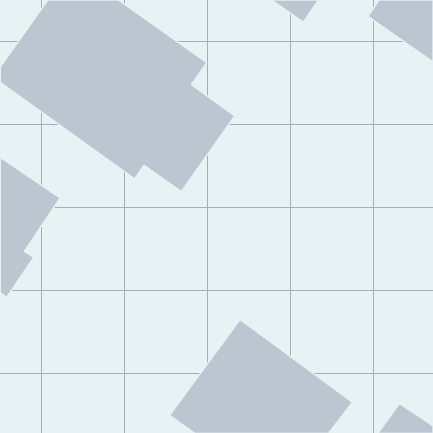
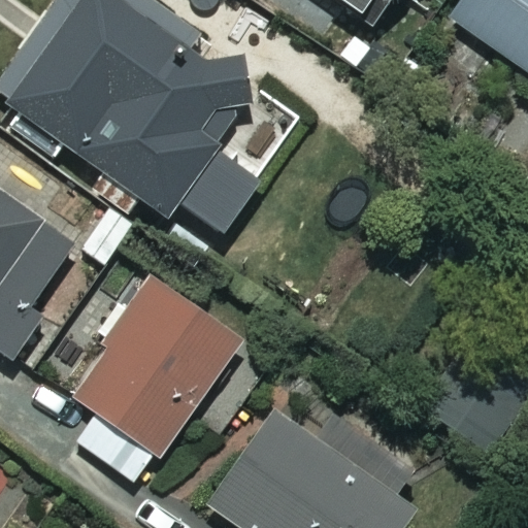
building: none -> [71,276,242,487]

